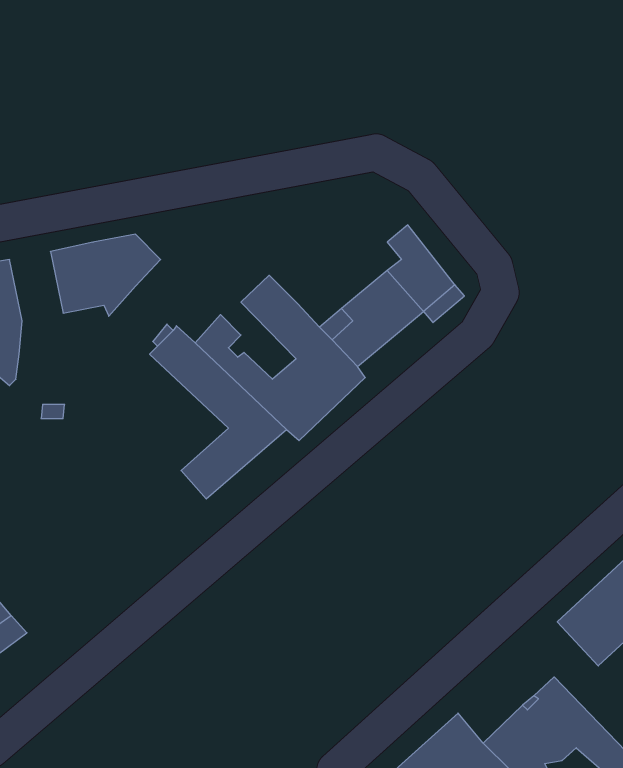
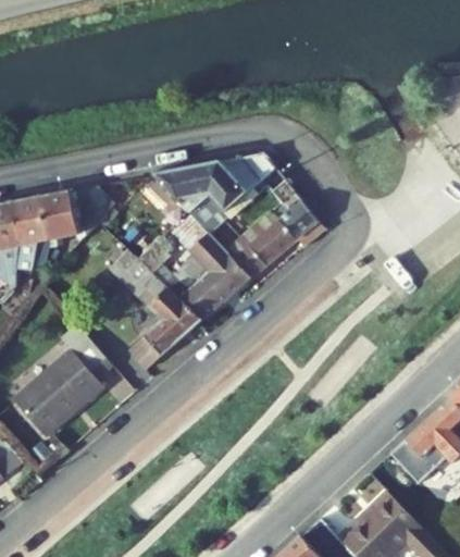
building: none -> [151,154,275,235]
building: none -> [10,199,47,271]
building: none -> [13,325,112,437]

